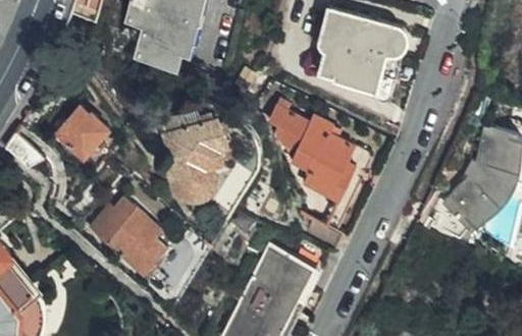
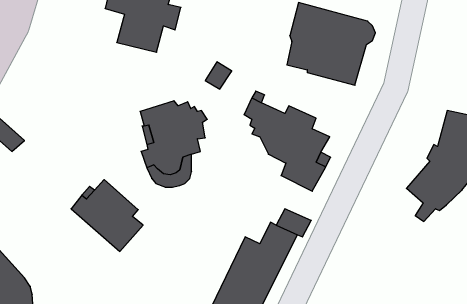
building: [49,106,107,155] -> none

